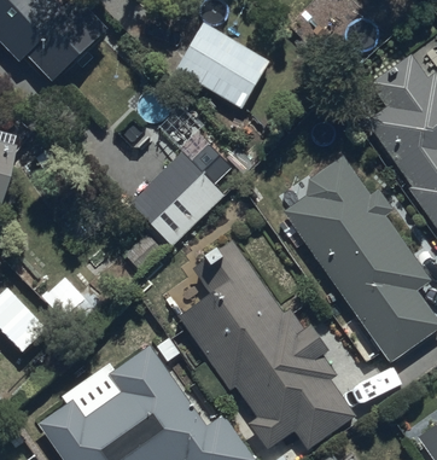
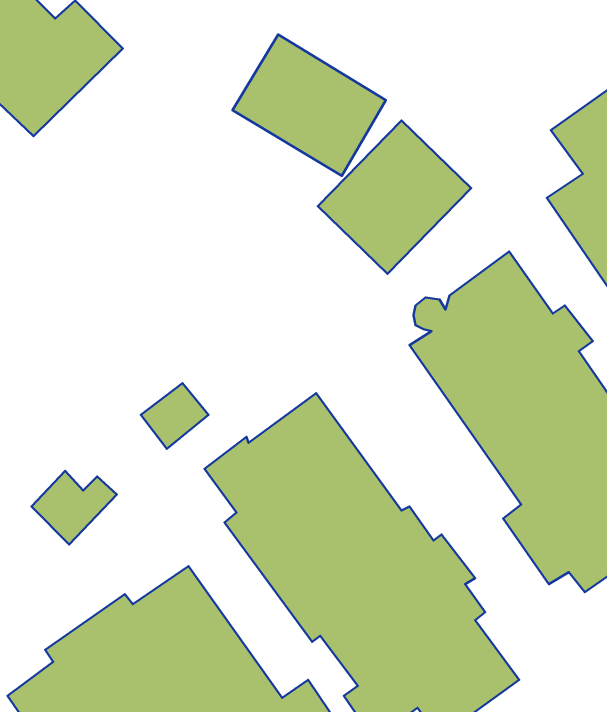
building: [132,152,225,245] -> [318,121,471,274]

